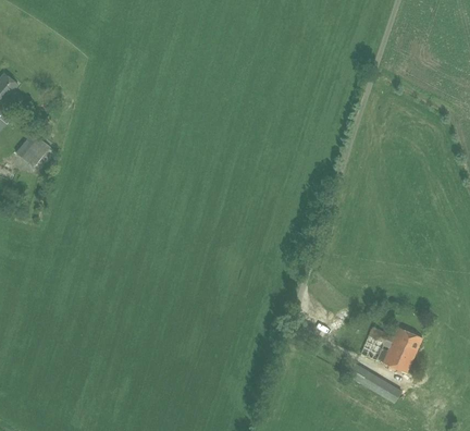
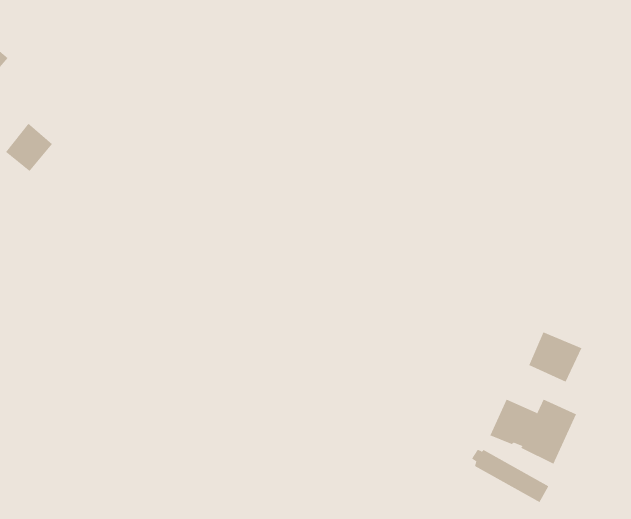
building: none -> [528,332,582,382]

